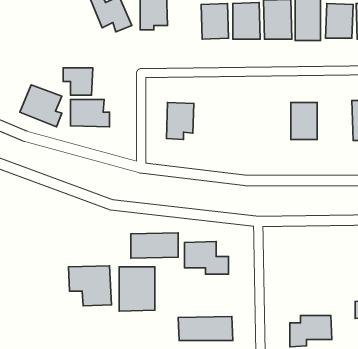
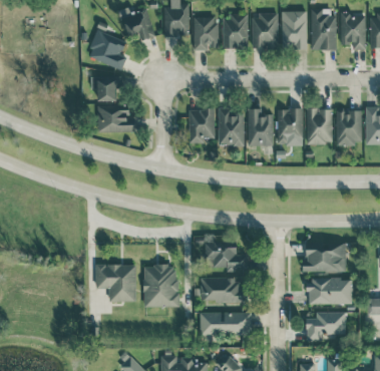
building: none -> [193,17,218,50]
building: [20,85,62,127] -> [86,30,126,70]
building: none -> [218,109,244,146]
building: none -> [248,109,273,146]
building: none -> [277,109,303,146]
building: none -> [335,110,362,145]
building: [131,233,178,258] -> [201,279,246,303]
building: none -> [302,245,345,273]
building: none -> [307,279,352,305]

